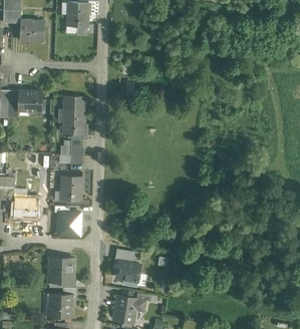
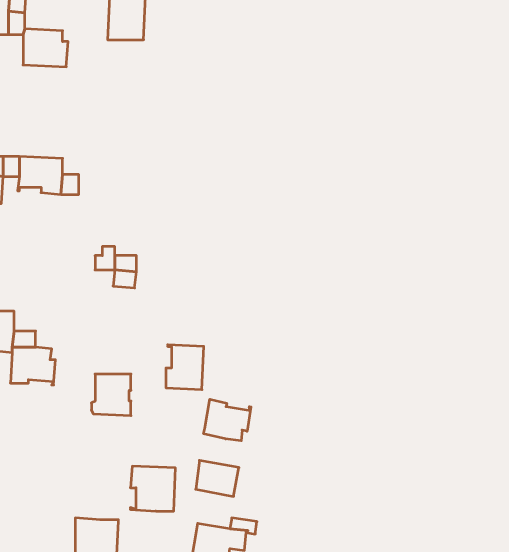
building: [62,96,86,134] -> none
building: [60,176,81,201] -> [166,345,204,390]
building: none -> [204,399,251,441]
building: [48,257,73,282] -> [130,466,175,511]

